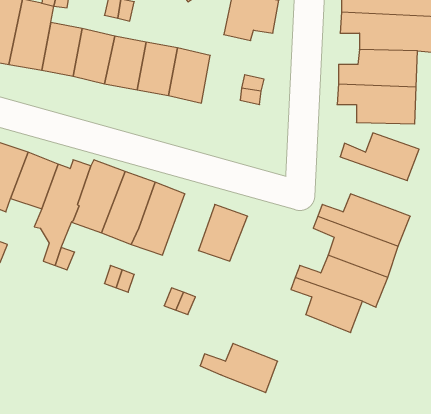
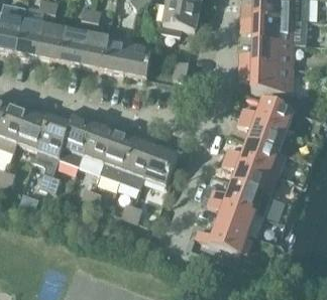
building: none -> [237,115,286,151]
building: none -> [120,140,155,189]
building: [200,343,278,393] -> [195,221,247,255]

